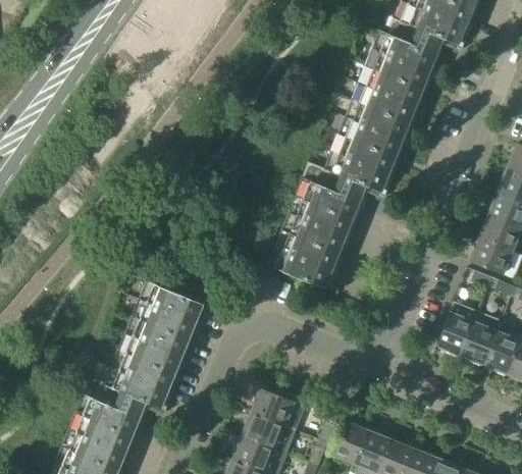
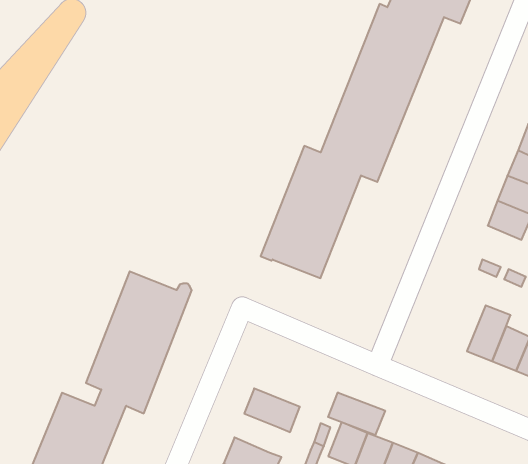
building: [473,239,514,276] -> none
building: [439,303,480,356] -> none
building: none -> [328,392,385,435]
building: [246,414,288,451] -> none

